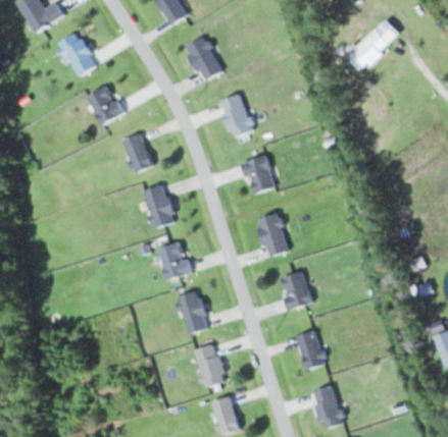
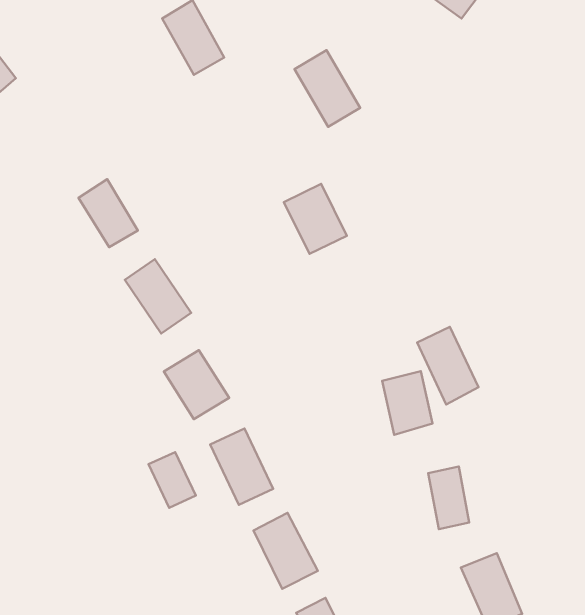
building: [88,86,120,123] -> none
building: [218,93,253,138] -> [295,50,360,127]
building: [256,212,288,257] -> [417,327,478,404]
building: none -> [148,452,196,508]

